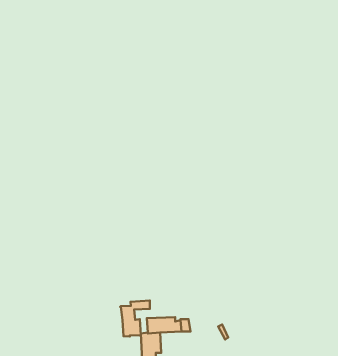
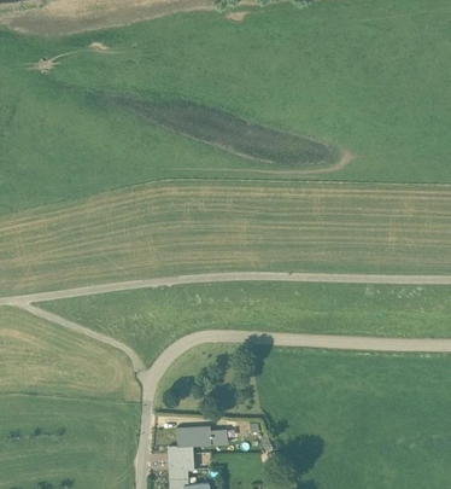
building: [120,301,150,336] -> none

